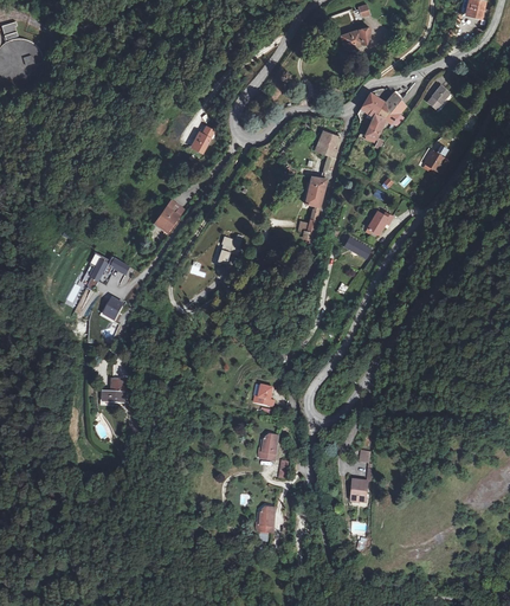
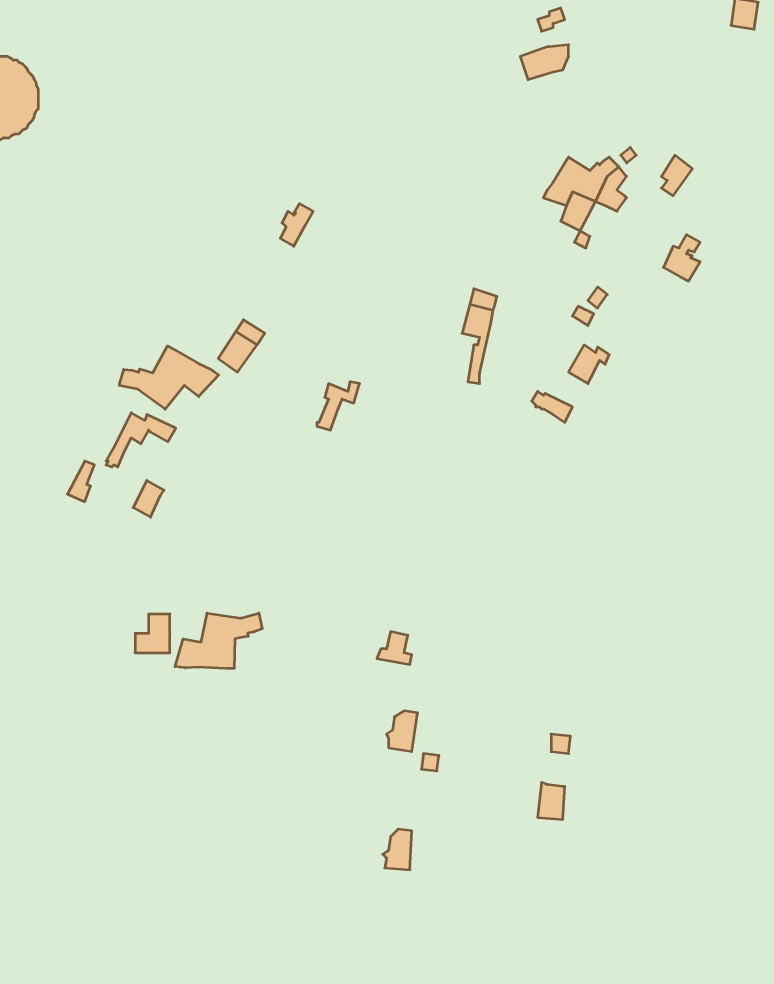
building: [310,134,342,173] -> none
building: none -> [119,346,219,409]
building: none -> [175,613,262,668]

